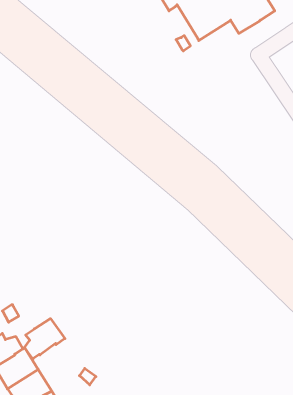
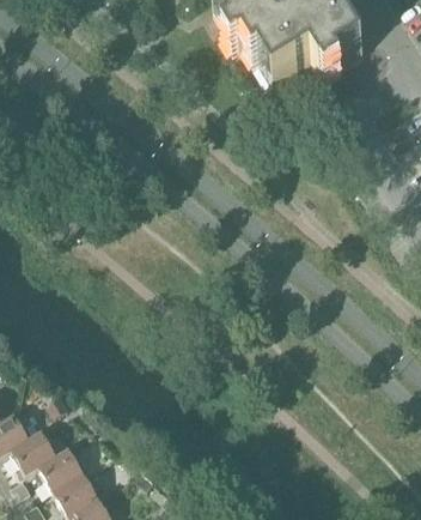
building: [25,319,65,359] -> none

